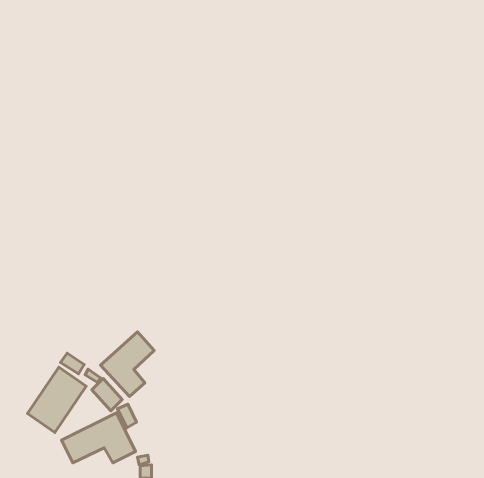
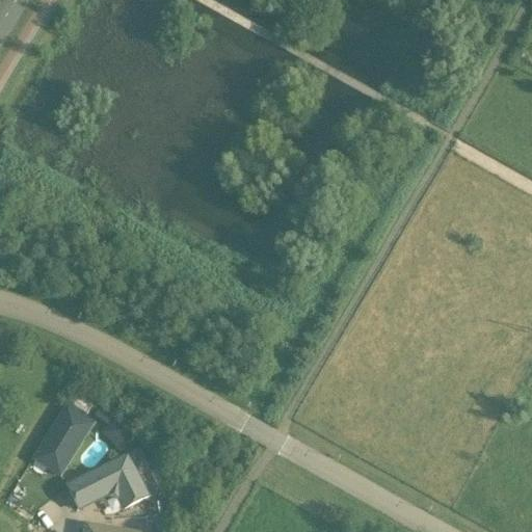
building: [101,332,154,397] -> none

